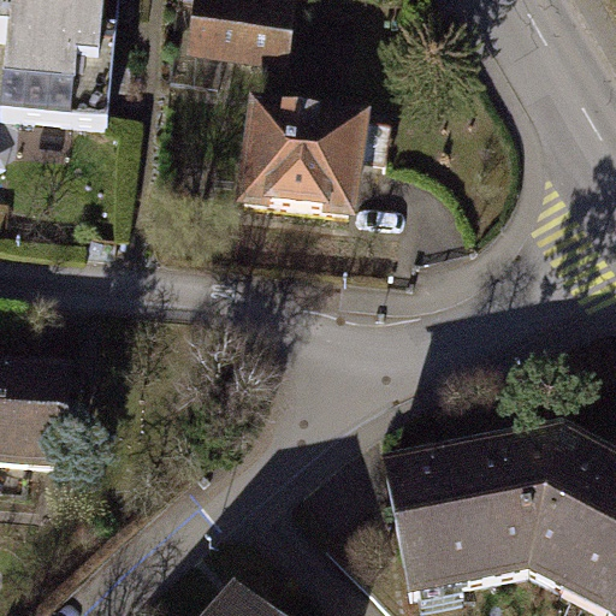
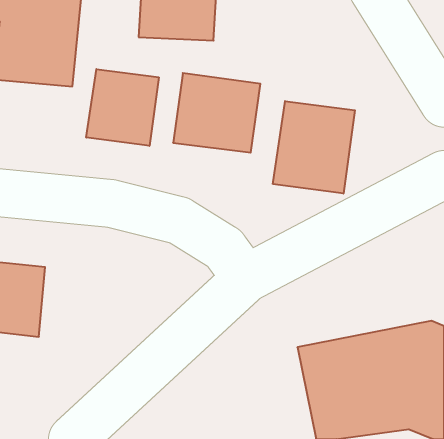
building: none -> [86,69,159,146]
building: none -> [273,101,355,194]

